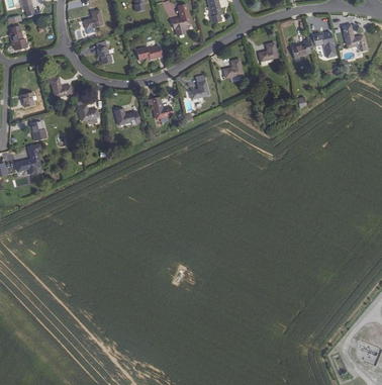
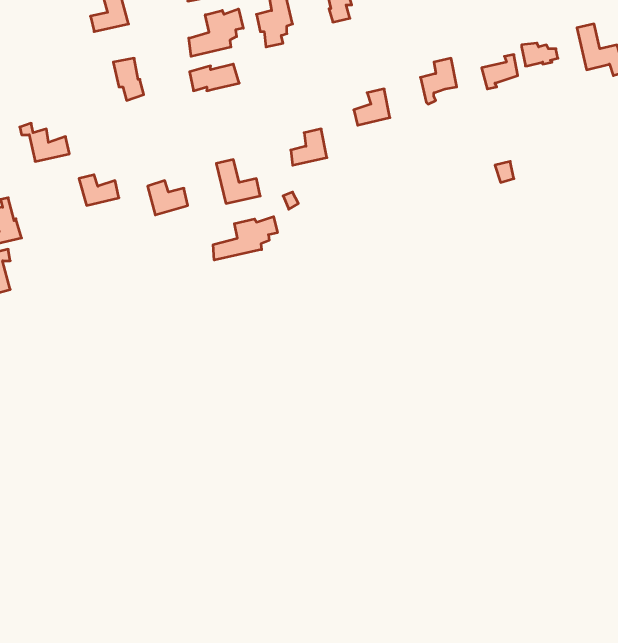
building: none -> [189,9,243,56]
building: none -> [213,217,277,260]

